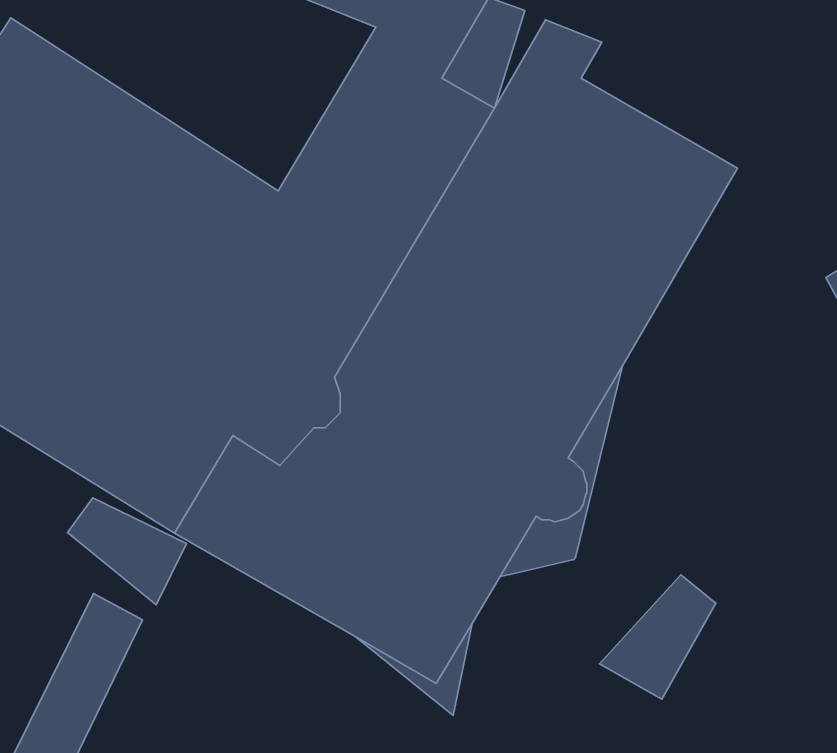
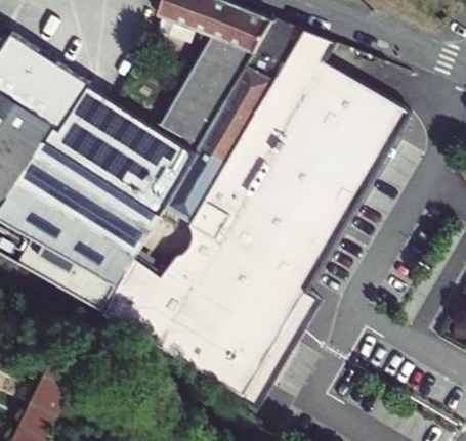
building: [68,498,187,605] -> none
building: [600,575,716,699] -> none

